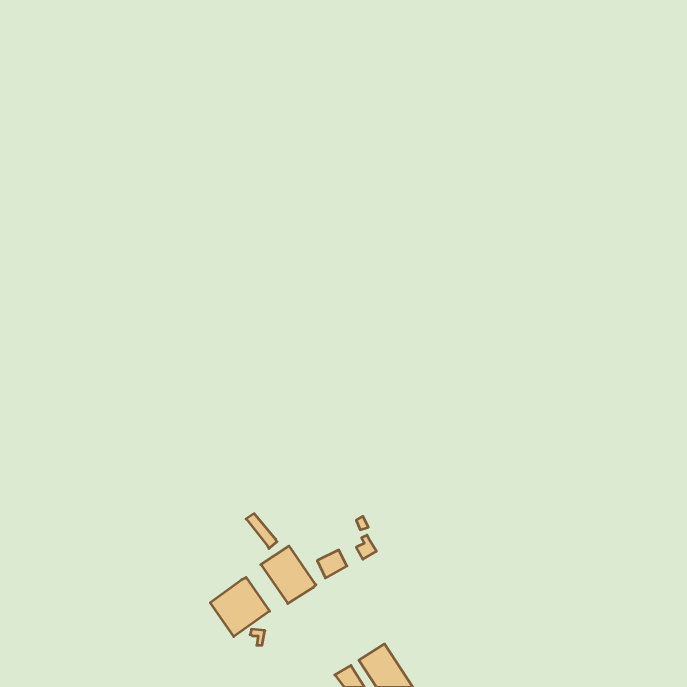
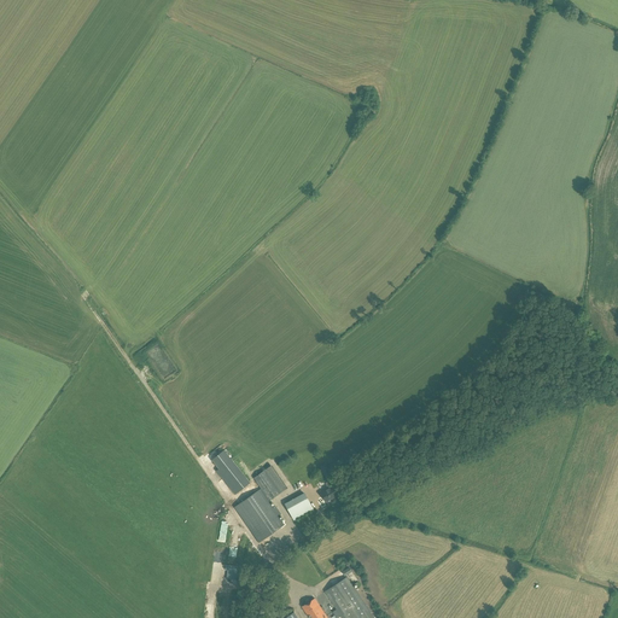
building: none -> [252,466,284,500]
building: [210,577,270,637] -> none

